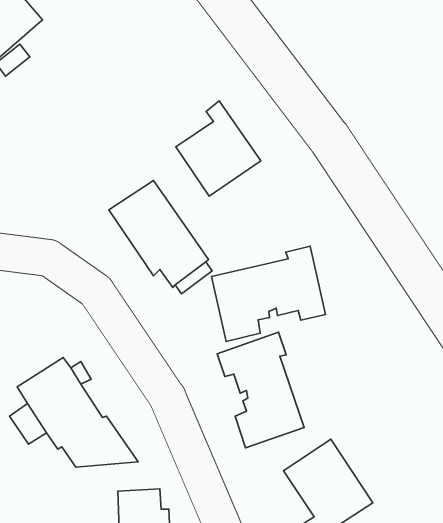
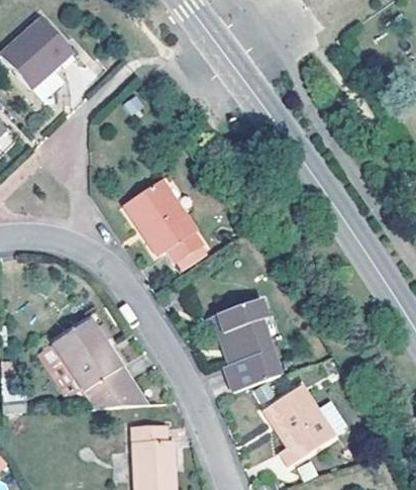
building: [176,101,261,196] -> none
building: [211,246,325,342] -> none

